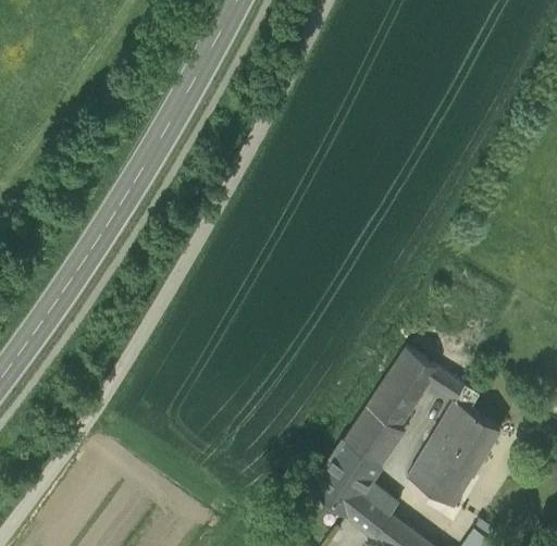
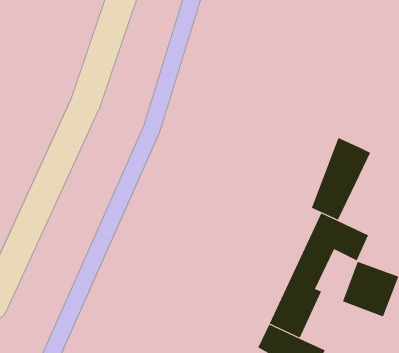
building: none -> [311,137,371,221]
building: [405,449,472,511] -> none

